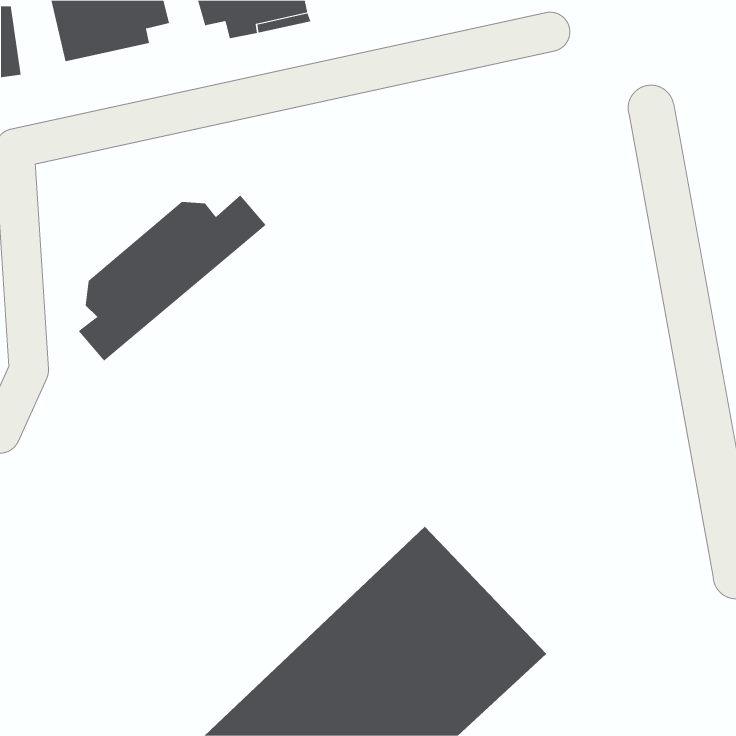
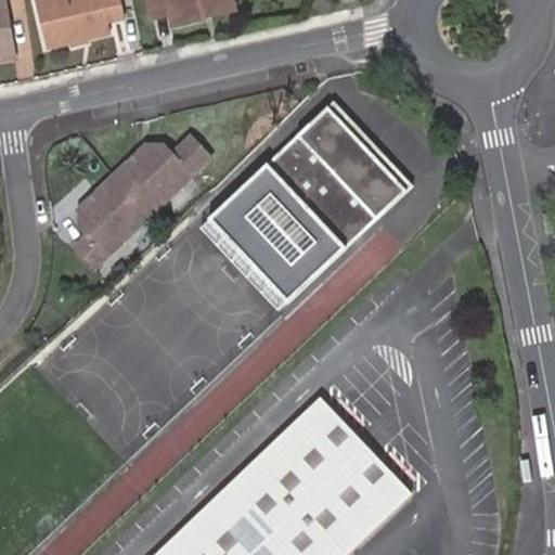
building: none -> [201,101,414,311]

